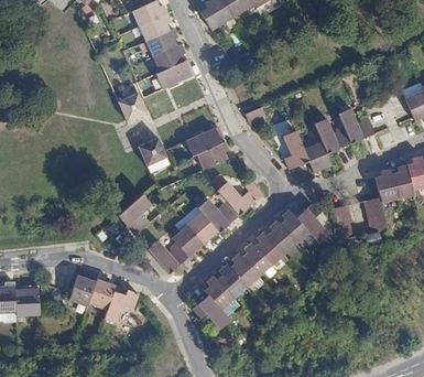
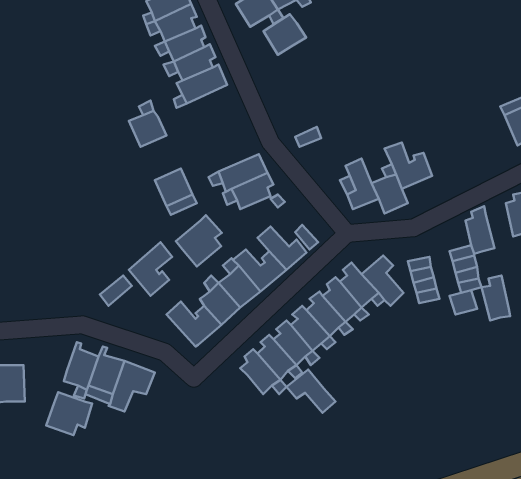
building: none -> [264,14,306,55]
building: [338,108,374,143] -> none
building: [391,164,413,198] -> [481,276,510,320]
building: none -> [176,215,222,267]
building: [193,295,230,328] -> [286,370,335,413]
building: none -> [46,392,92,435]

